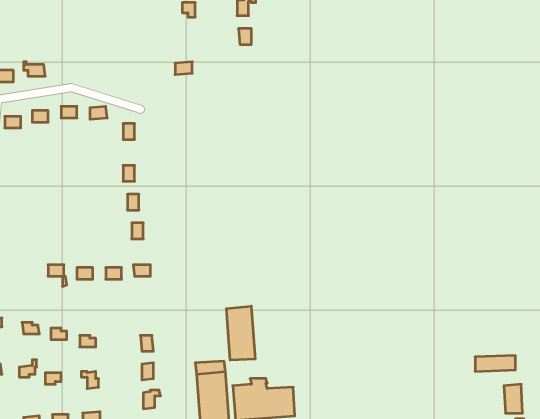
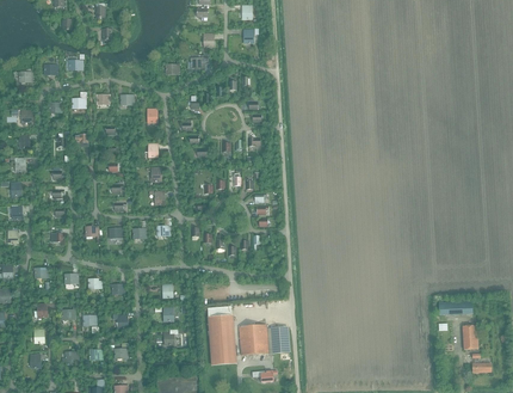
building: [226,306,255,360] -> none

